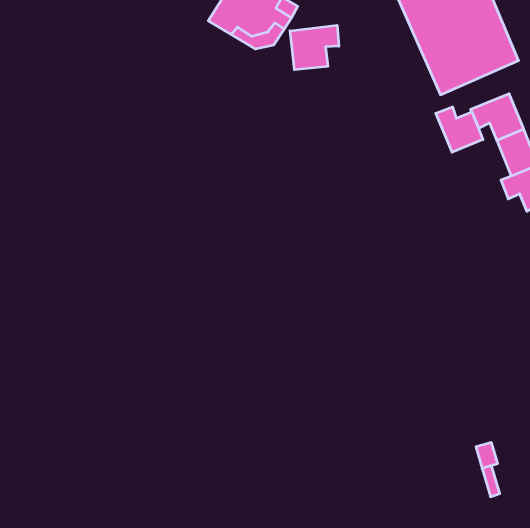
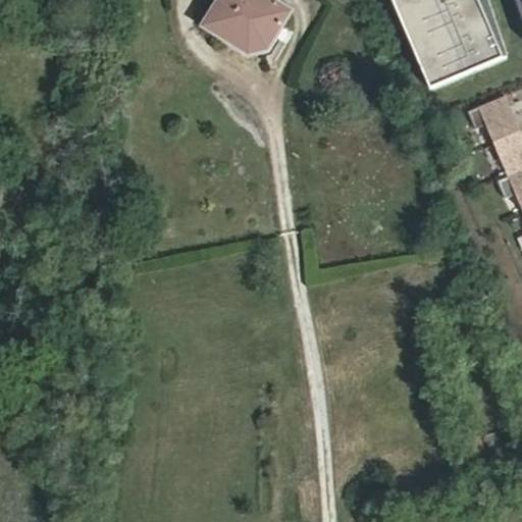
building: [290,25,339,70] -> none
building: [436,107,483,152] -> none

